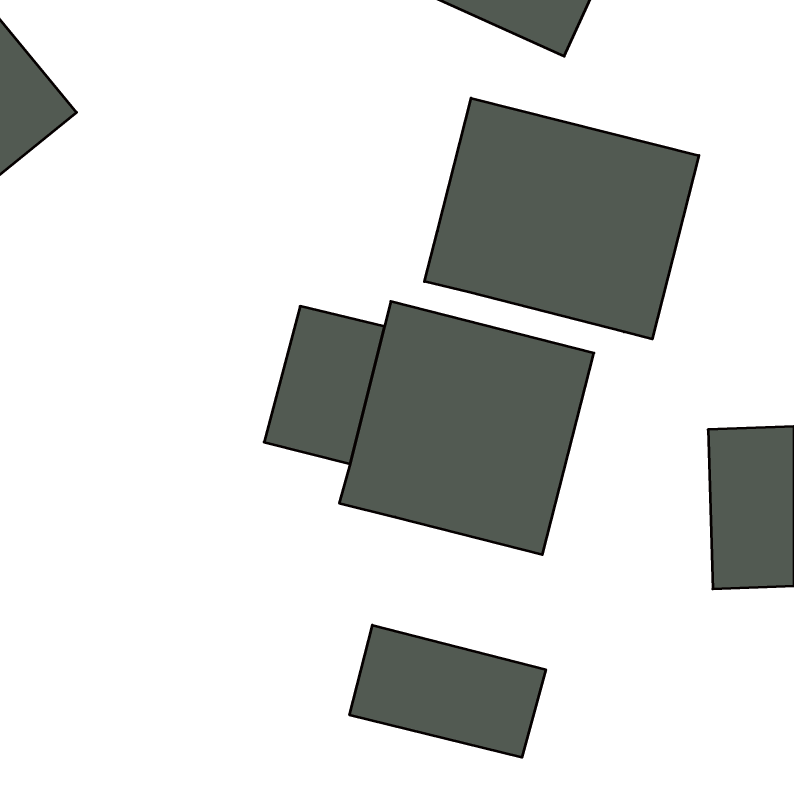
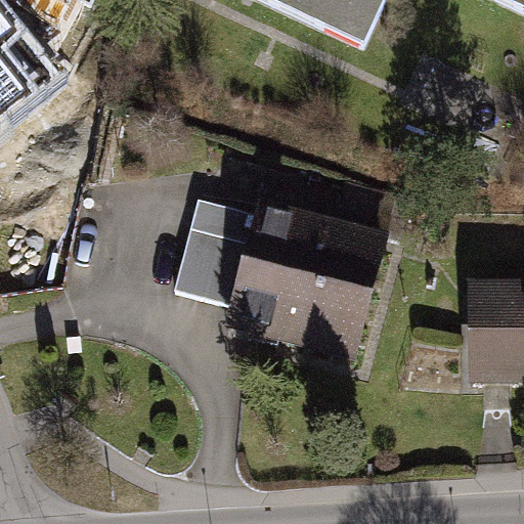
building: [424,98,699,339] -> none
building: [350,625,546,757] -> none

